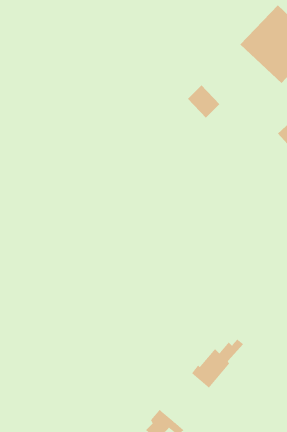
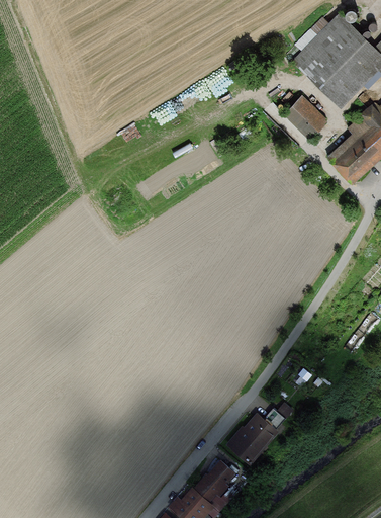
building: [187,84,220,119] -> [285,98,324,139]
building: none -> [195,462,234,503]

